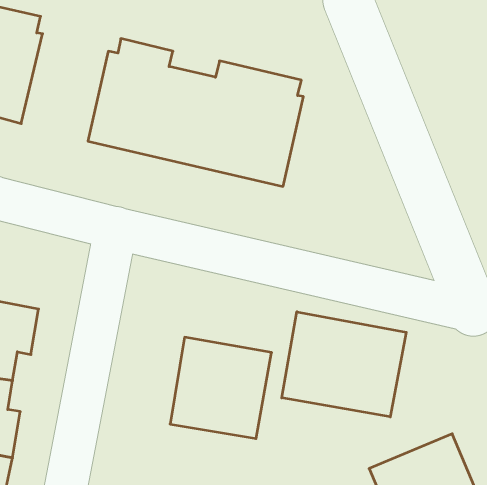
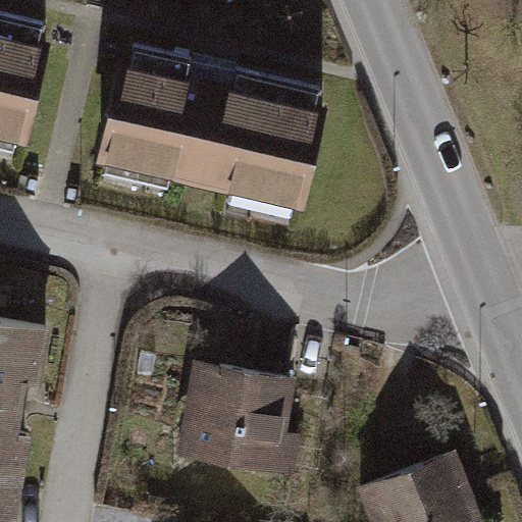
building: [282,312,406,417] -> none

